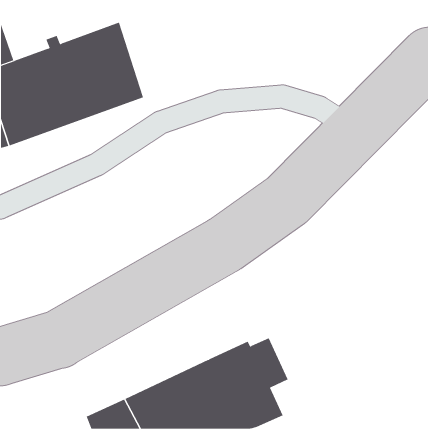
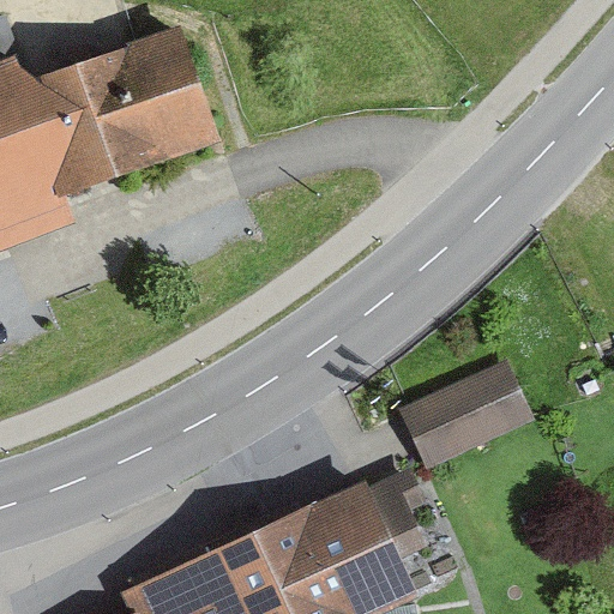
building: none -> [405,368,519,459]

